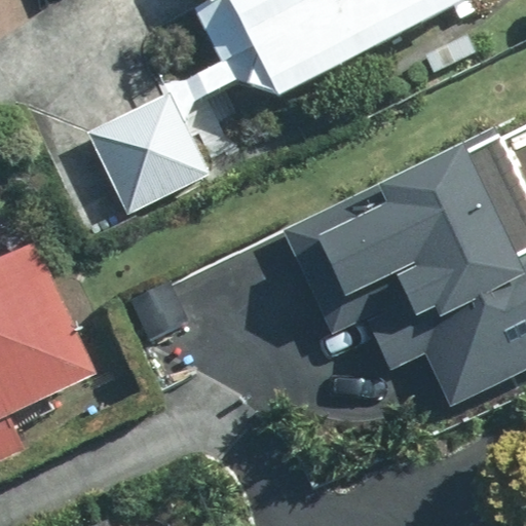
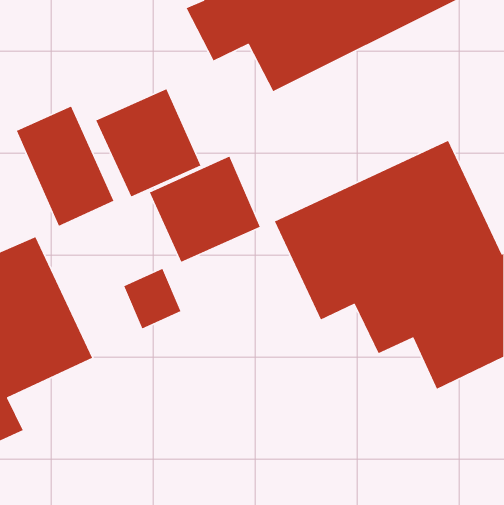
building: none -> [16,106,115,227]
building: none -> [149,155,261,263]

